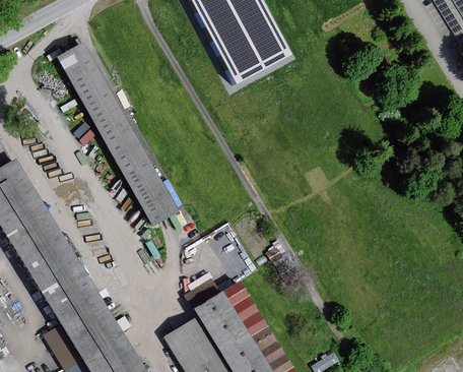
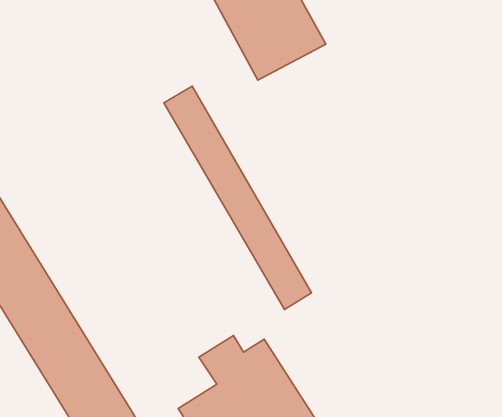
building: [59,44,176,221] -> [164,86,311,310]

